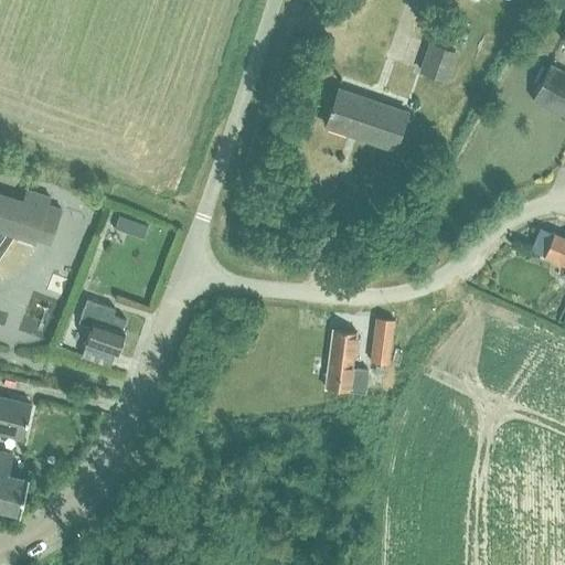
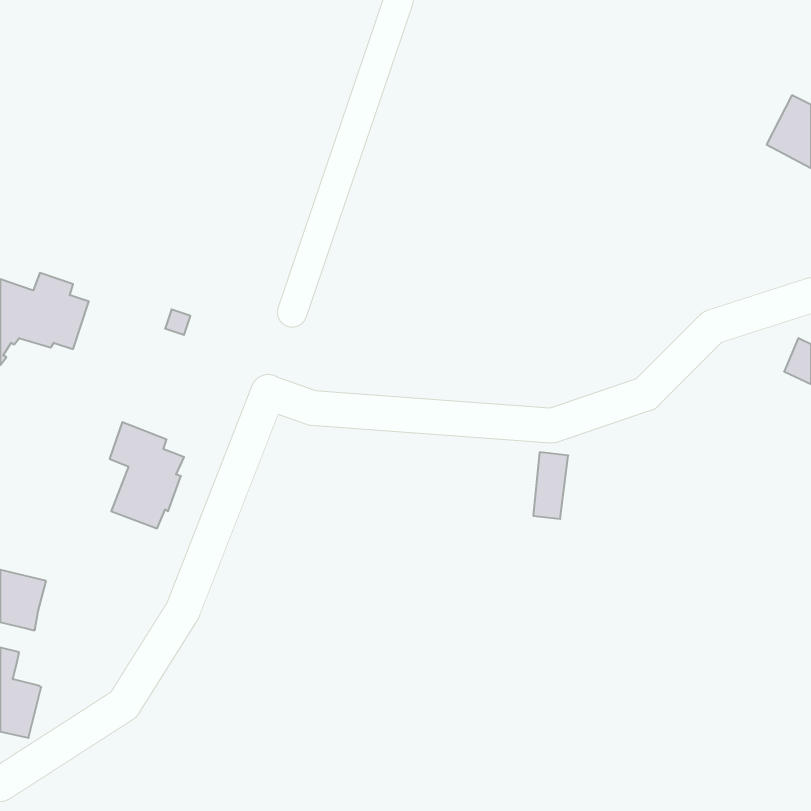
building: [422,45,456,81] -> none
building: [326,90,406,151] -> none
building: [323,330,367,393] -> none

